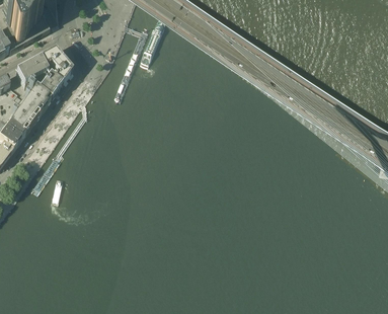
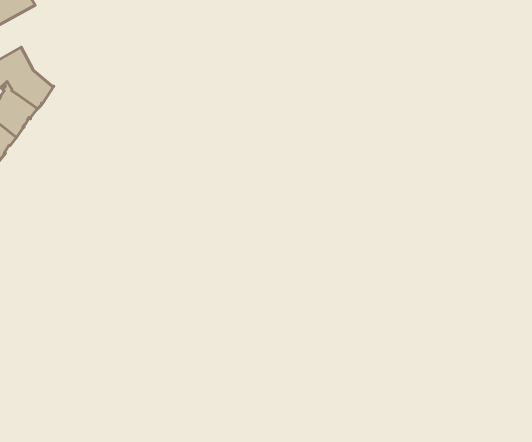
building: [41,48,72,80] -> none

